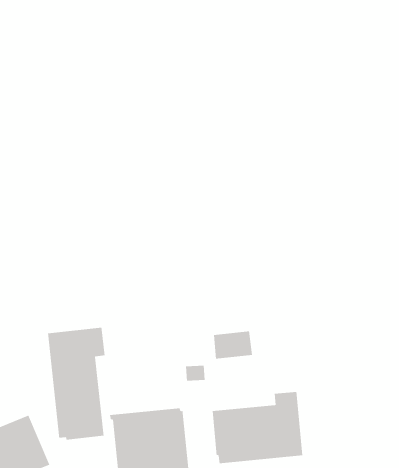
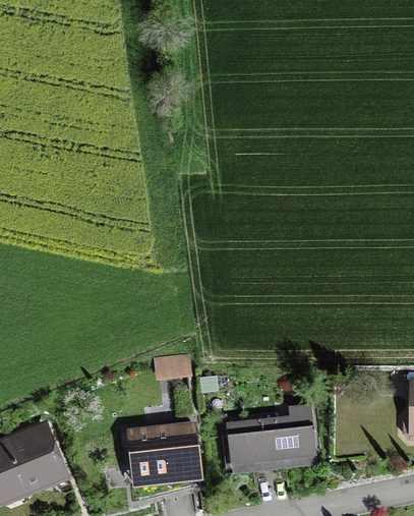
building: [47,327,105,440] -> none
building: [213,331,253,359] -> [154,351,193,380]

